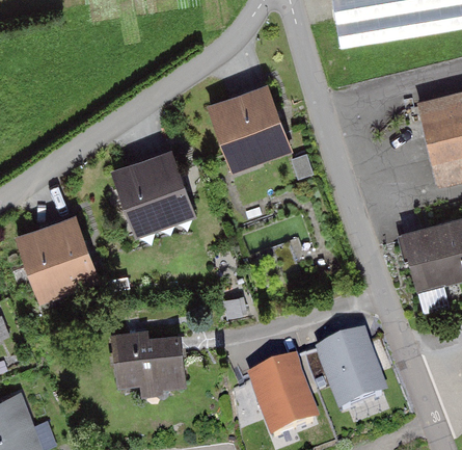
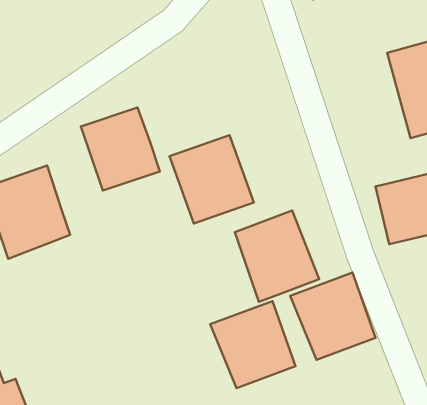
building: [208,84,291,171] -> [170,135,254,223]
building: none -> [235,211,319,302]
building: [110,327,181,389] -> none

